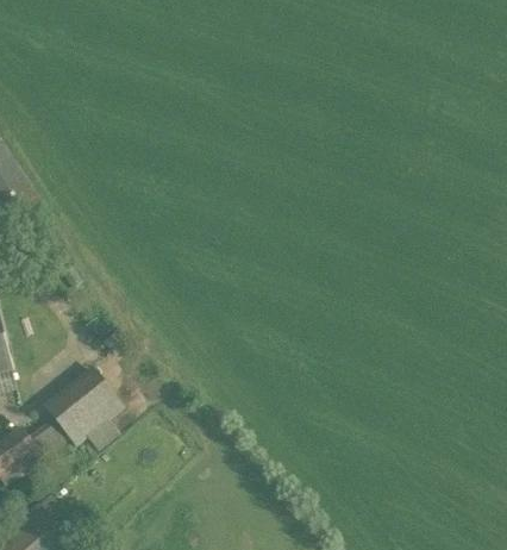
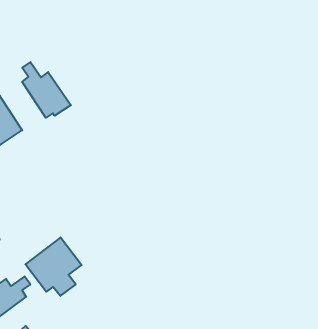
building: none -> [22,62,71,118]

